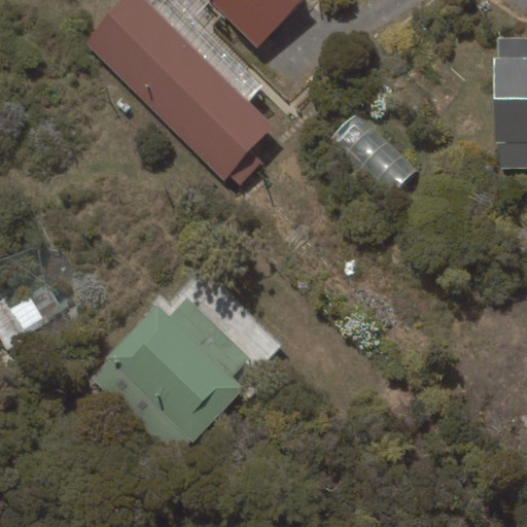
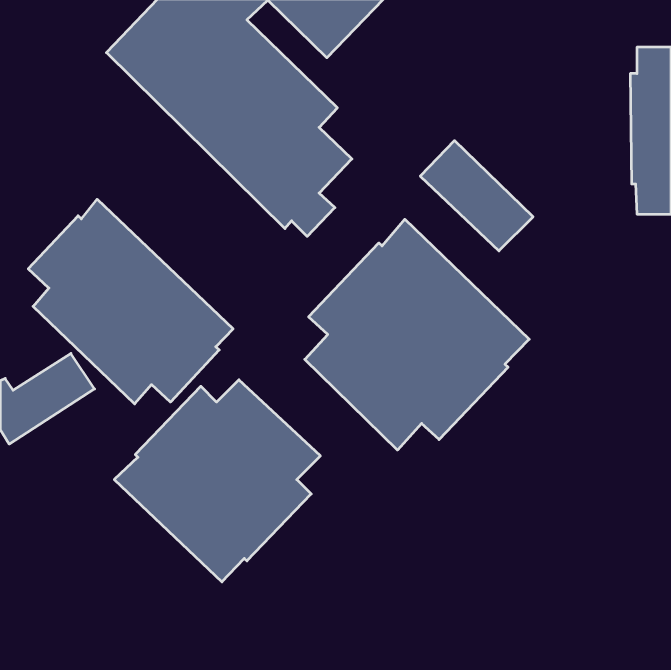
building: none -> [28,199,233,404]
building: none -> [305,219,529,450]

